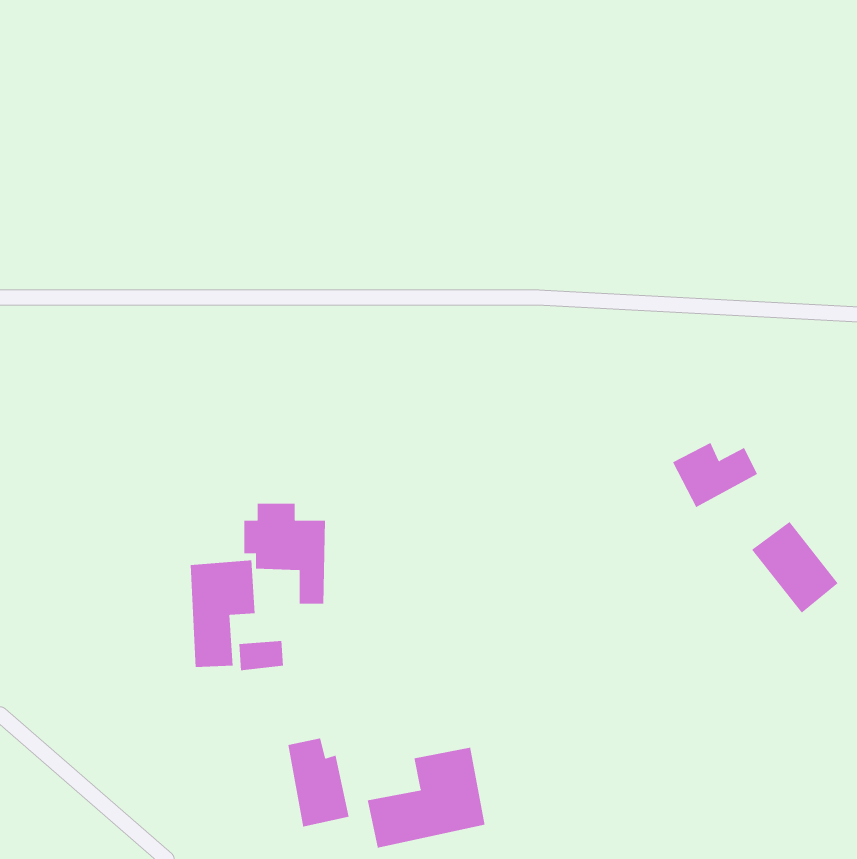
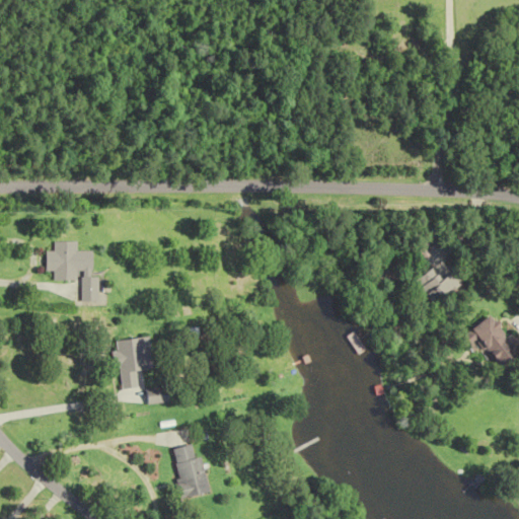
building: [243,503,326,604] -> [49,241,98,302]
building: [367,747,485,848] -> none

